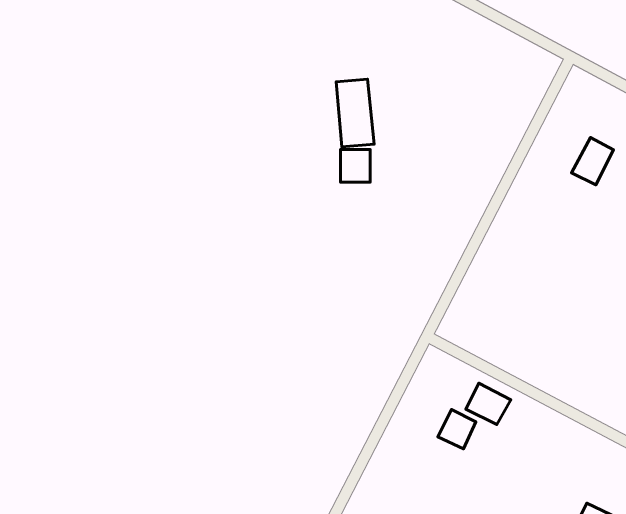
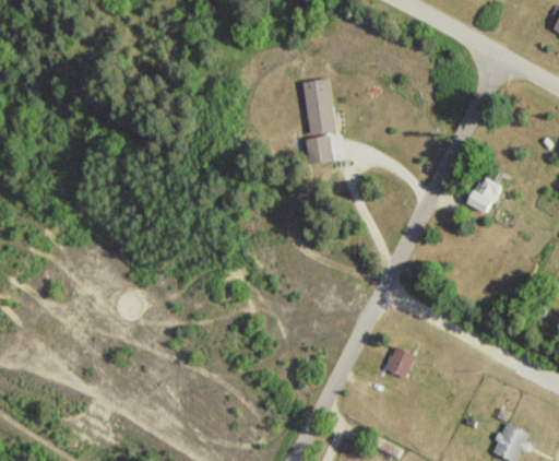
building: [571,138,613,185] -> [468,175,502,213]
building: [466,383,511,425] -> none

